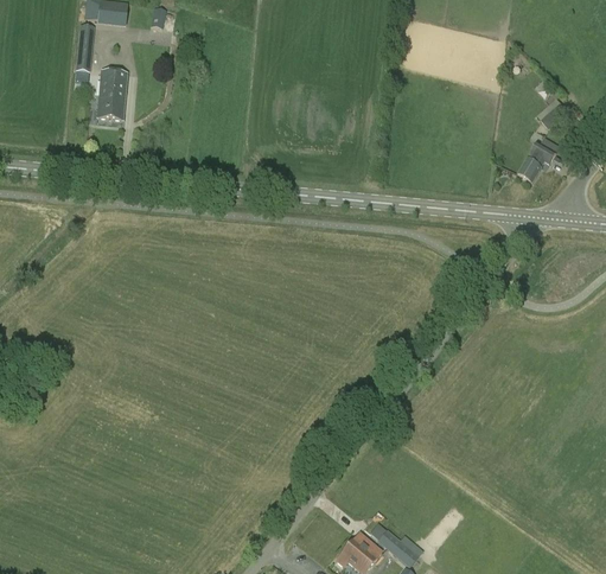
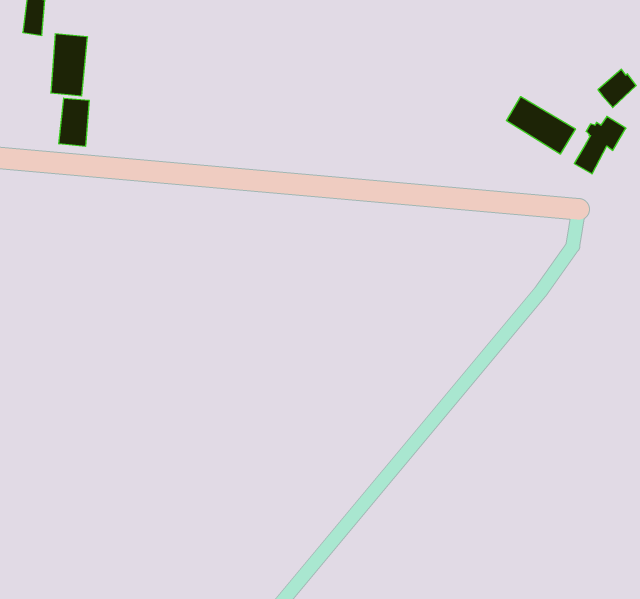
building: none -> [506,97,575,154]
building: none -> [59,98,89,146]

